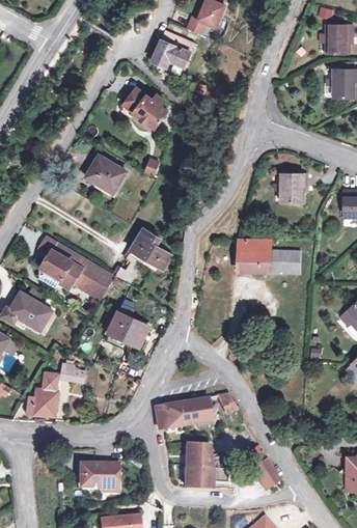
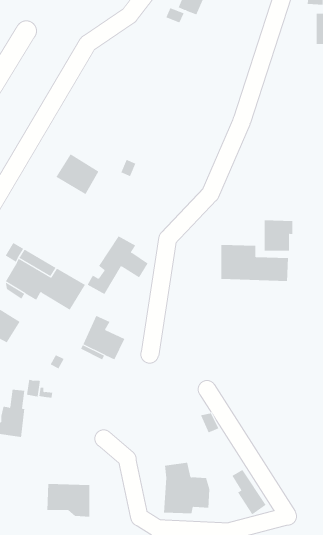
building: [152,30,194,67] -> none
building: [121,87,167,132] -> none
building: [280,173,307,202] -> [264,220,293,251]
building: [156,398,212,428] -> none

